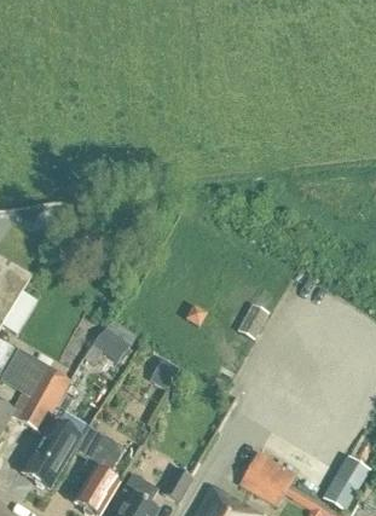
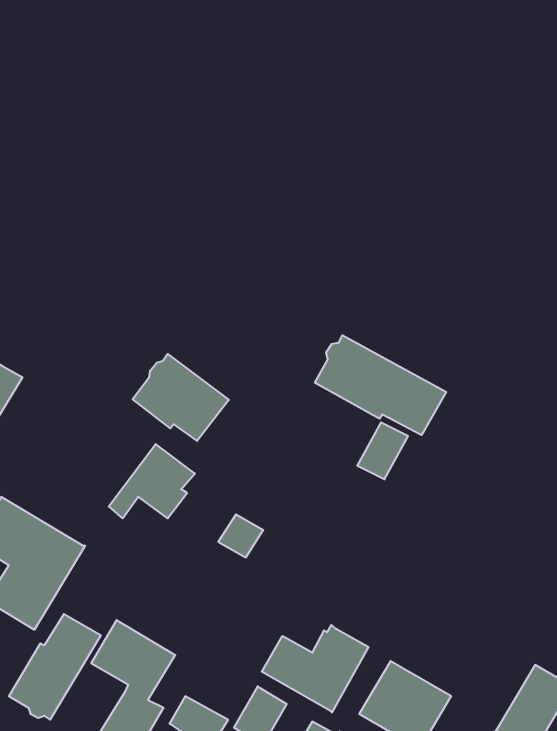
building: none -> [315,335,446,435]
building: none -> [133,354,229,441]
building: none -> [262,625,368,713]

